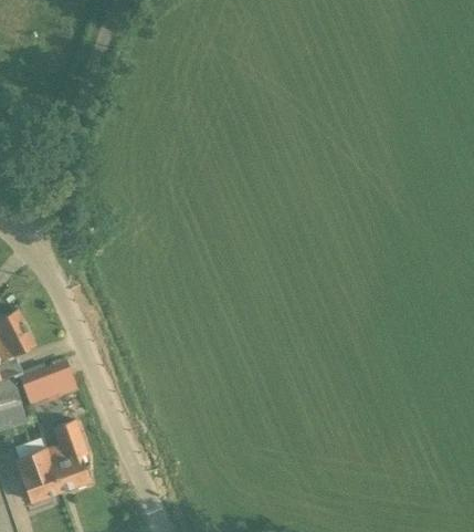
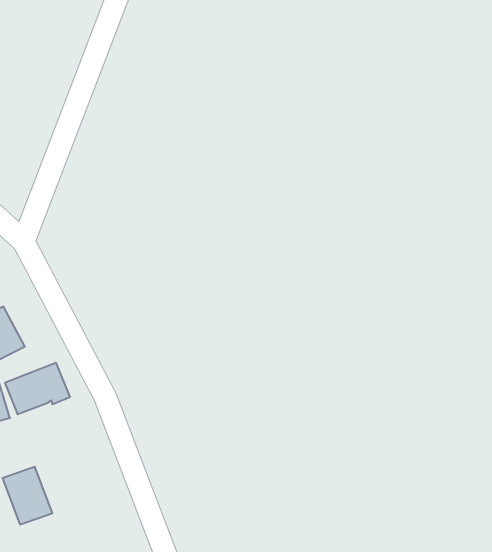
building: [45,420,91,492] -> none

